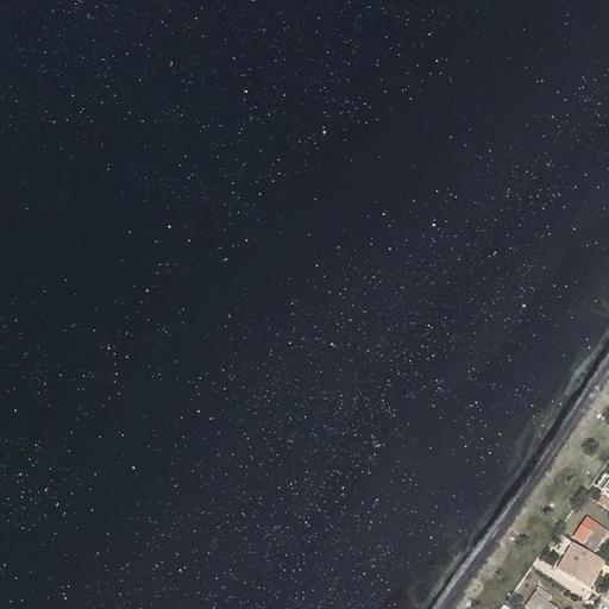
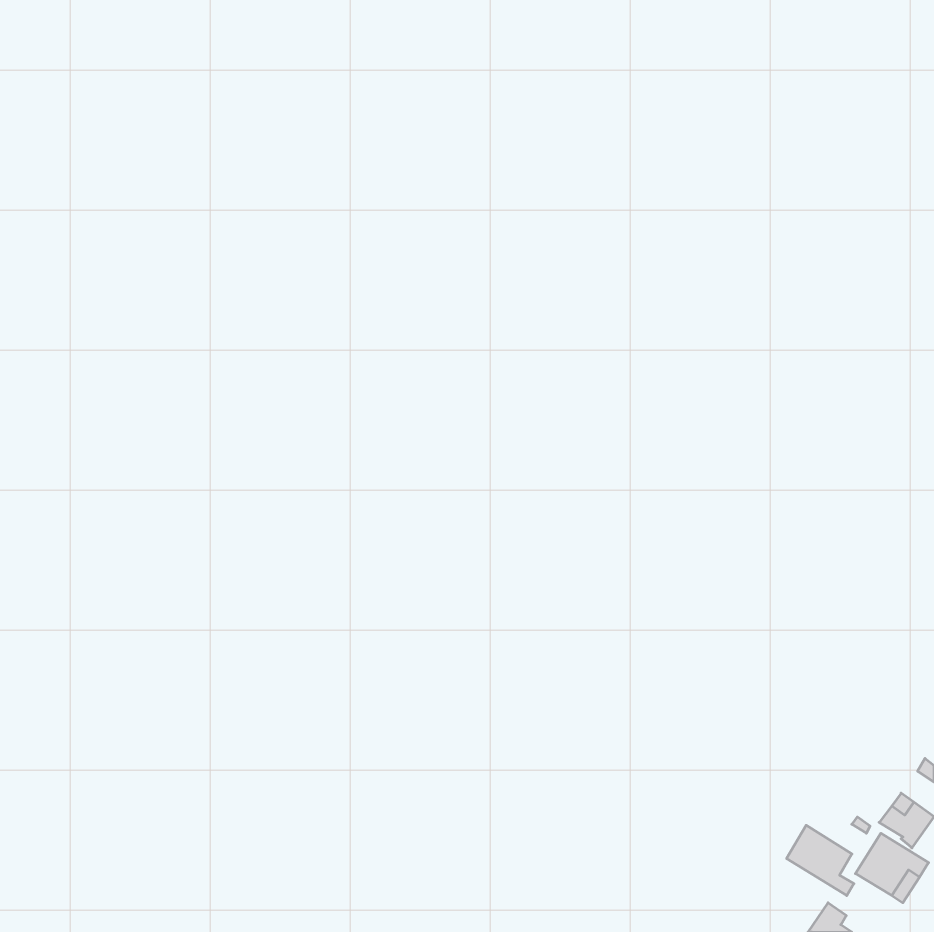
building: none -> [787,825,854,896]

